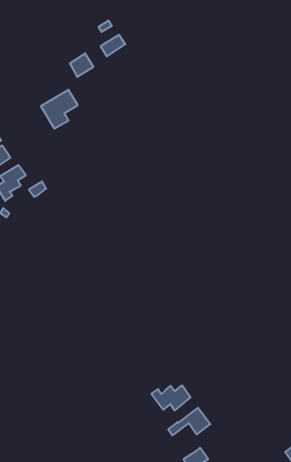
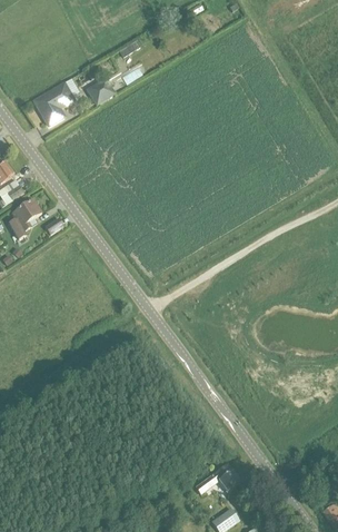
building: [41,90,78,129] -> [33,83,73,126]
building: [151,385,191,410] -> none

